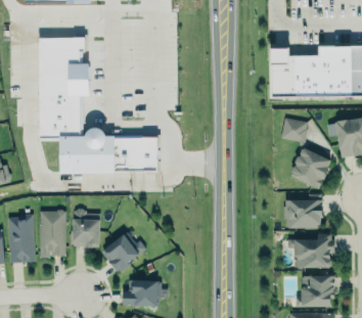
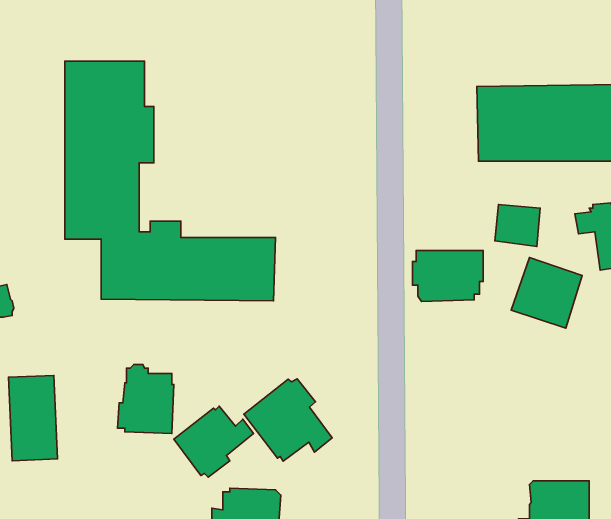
building: [283,199,323,228] -> [412,251,483,301]
building: [39,210,67,258] -> none
building: none -> [244,379,332,461]
building: [287,233,335,267] -> none

